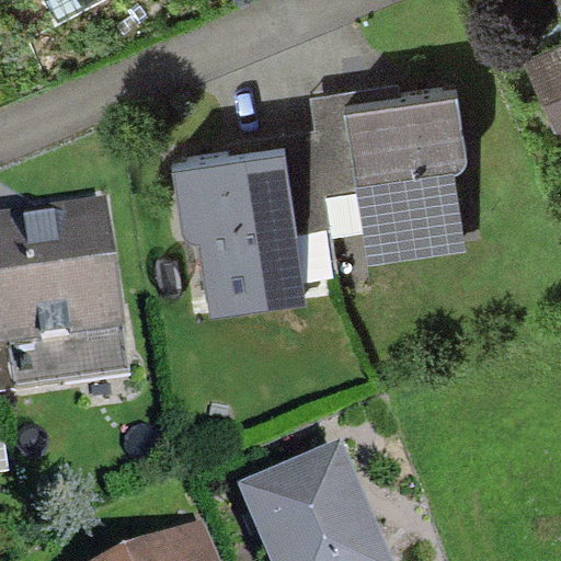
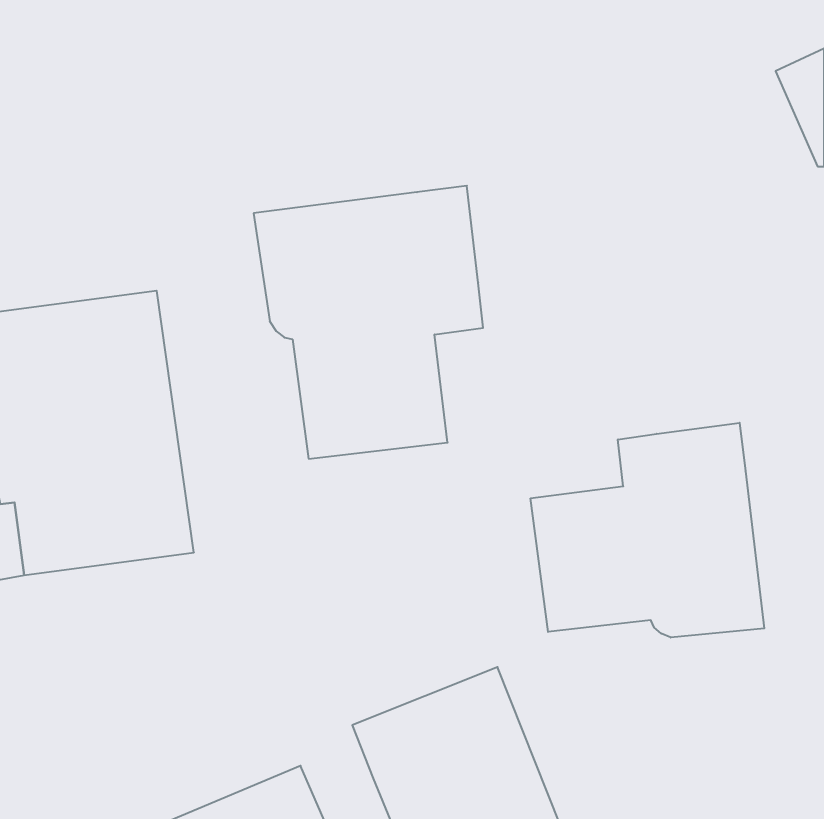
building: [312,85,466,262] -> none
building: none -> [531,423,764,638]

